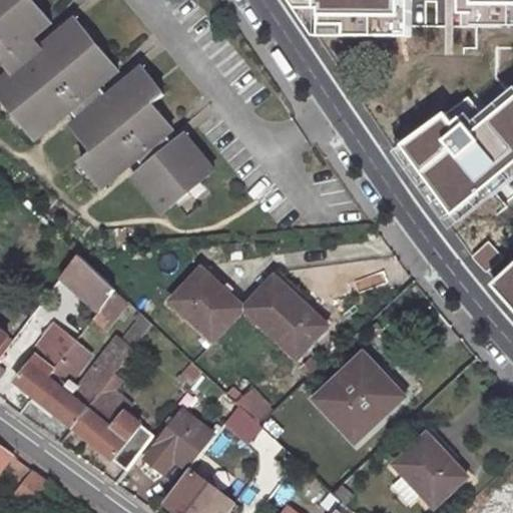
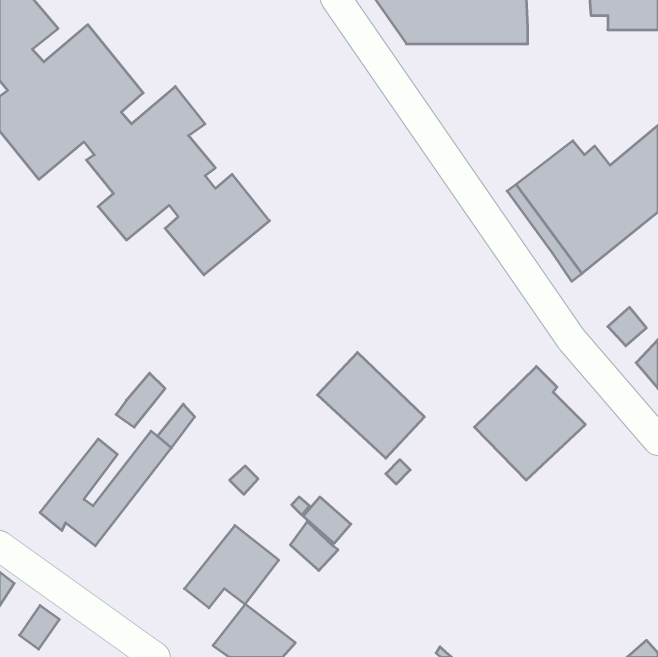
building: [60,252,116,311] -> none
building: [175,267,246,339] -> none
building: [18,324,76,393] -> none
building: [315,350,401,438] -> [474,366,585,480]
building: [75,392,154,468] -> none
building: [395,430,466,502] -> none

